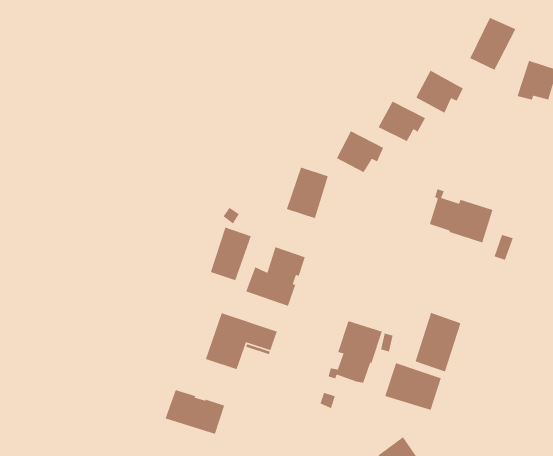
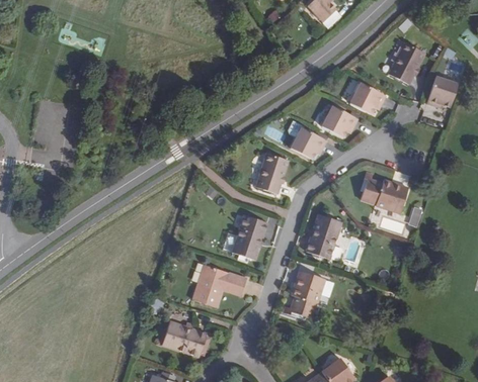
building: [210,227,252,281] -> none
building: [414,312,462,373] -> [306,213,341,259]
building: [384,362,442,411] -> none

